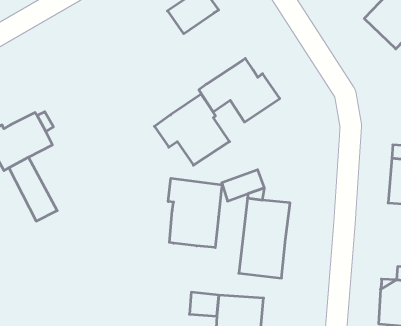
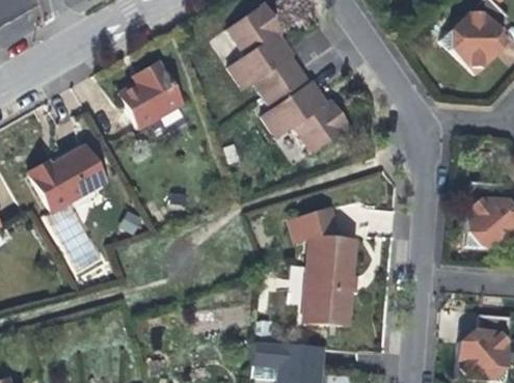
building: none -> [126,61,186,127]
building: [154,94,230,165] -> [227,34,309,112]
building: [168,178,222,248] -> none

